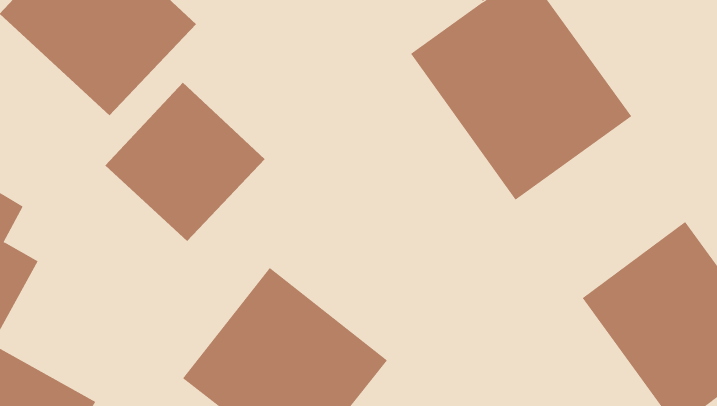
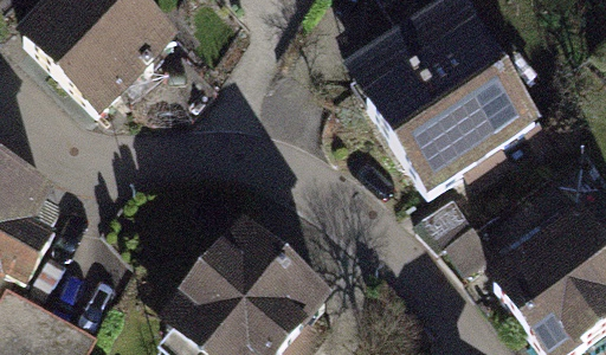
building: [105,82,266,242] -> none

